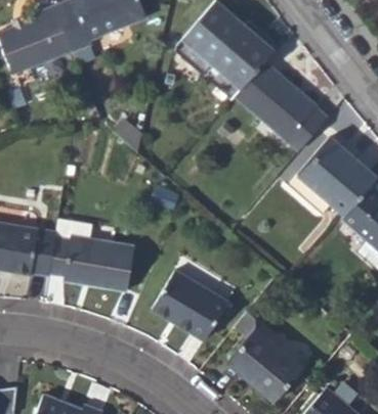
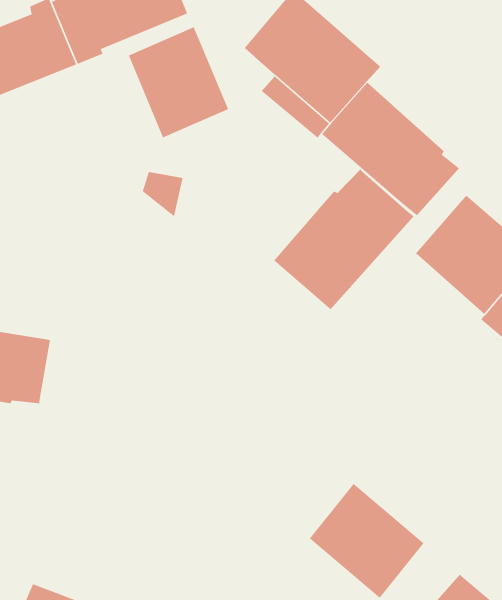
building: none -> [128,26,229,139]
building: none -> [273,168,415,310]
building: [48,234,134,291] -> none
building: [152,269,227,340] -> none

